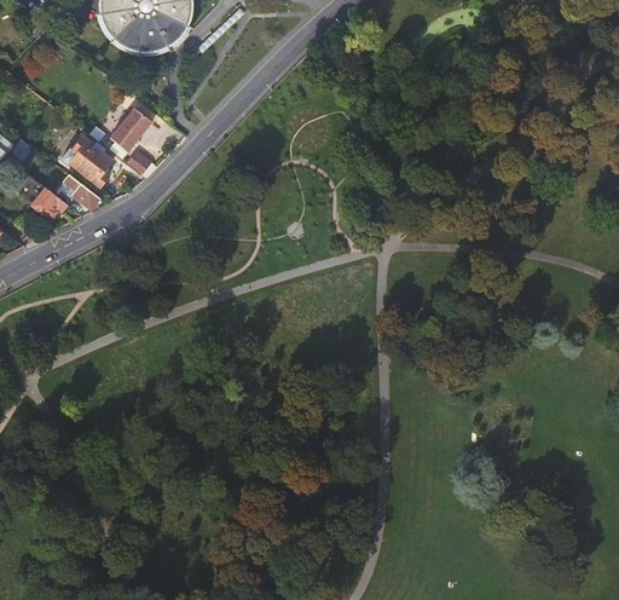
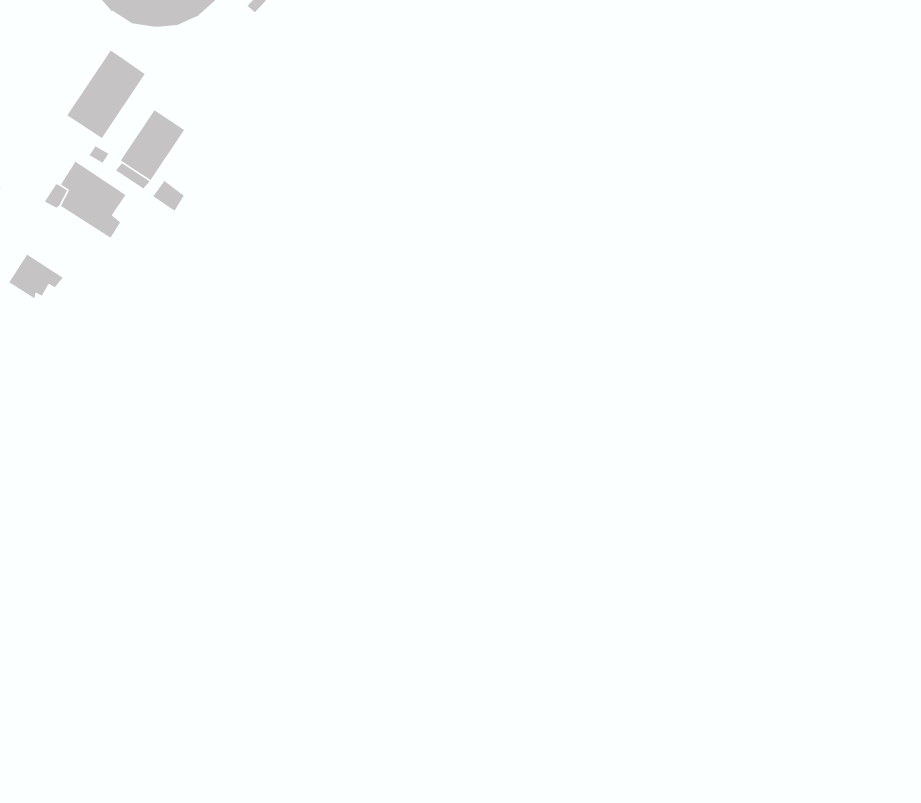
building: none -> [66,50,146,139]
building: [54,173,100,208] -> none

